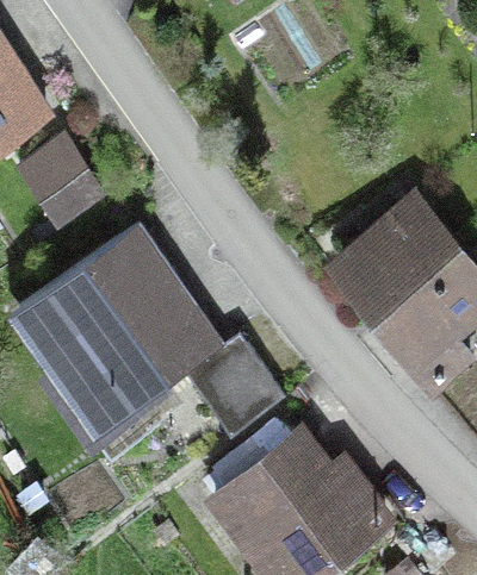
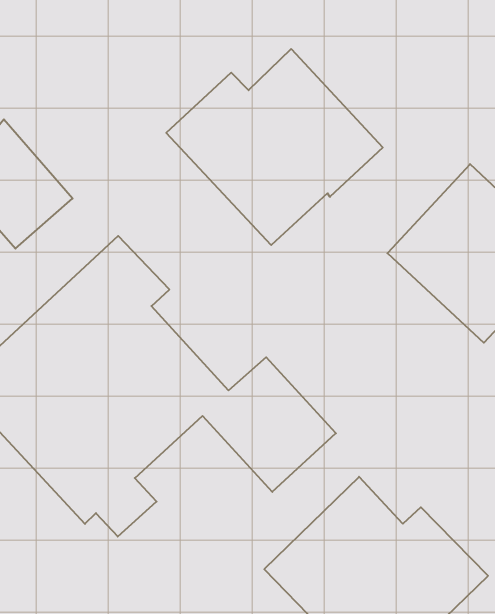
building: none -> [166,49,383,245]

